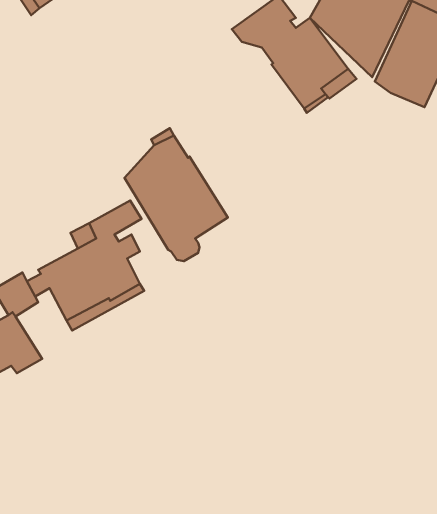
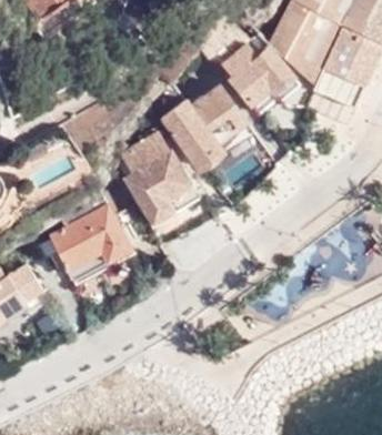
building: none -> [155,80,260,168]

